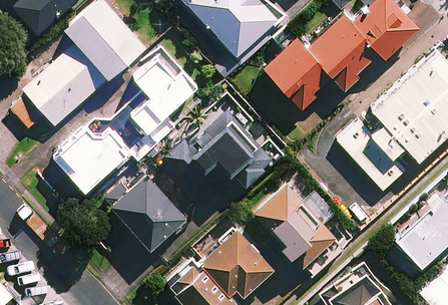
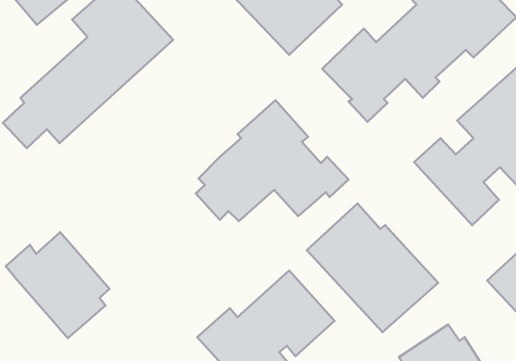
building: [51,53,196,194] -> none
building: [104,174,186,258] -> [6,232,109,338]

